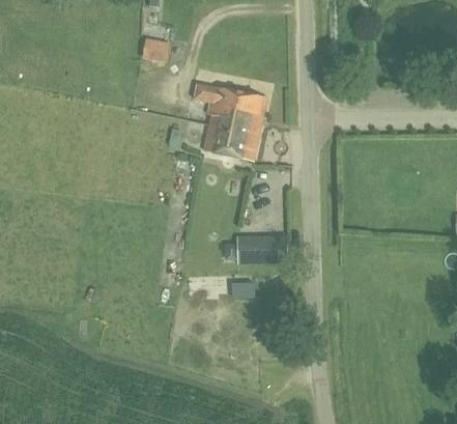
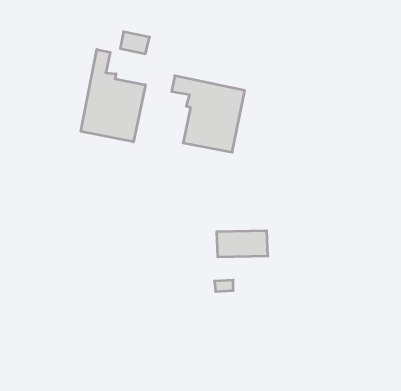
building: none -> [81,49,145,142]

